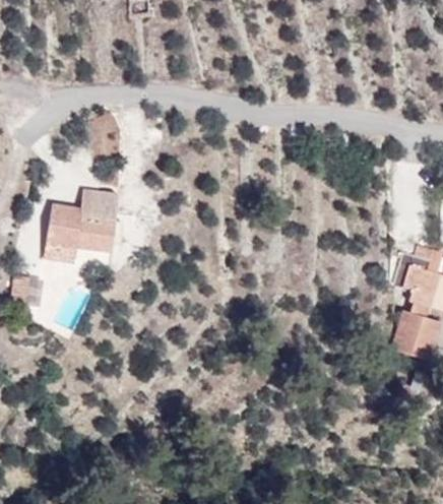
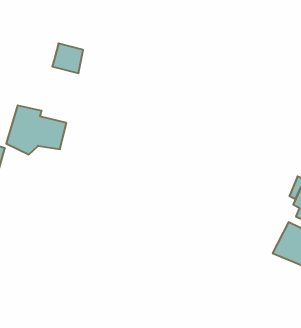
building: [81,185,117,218] -> [52,43,83,73]

